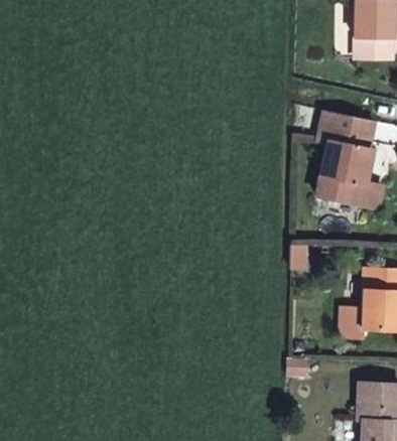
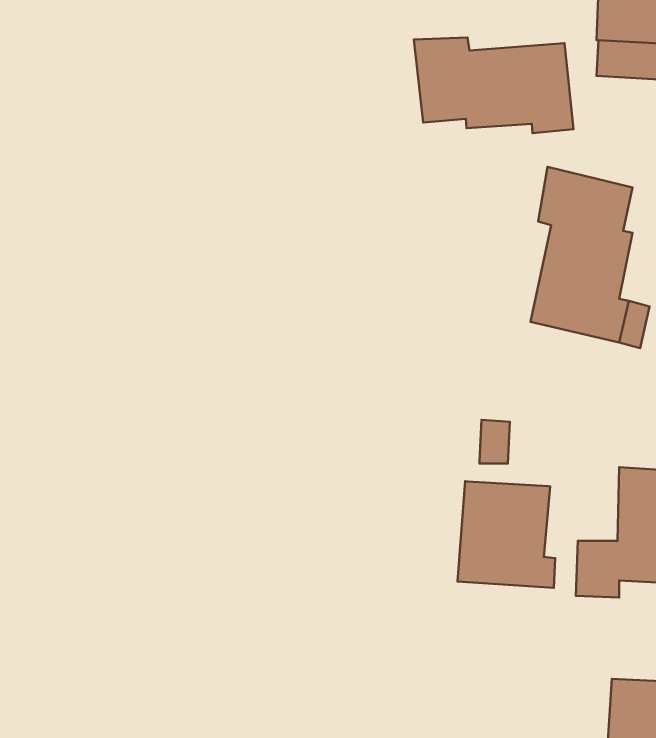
building: none -> [414,38,573,133]
building: none -> [458,481,555,588]

